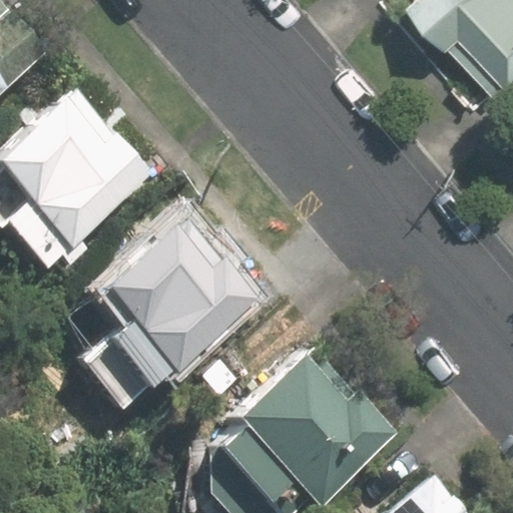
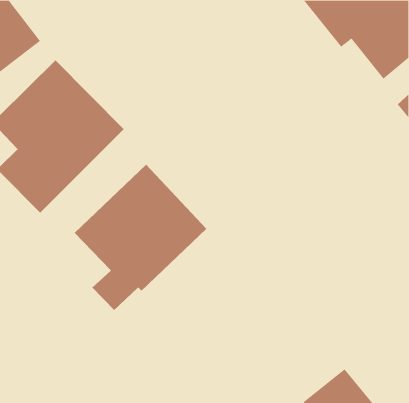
building: [219,342,404,505] -> none

